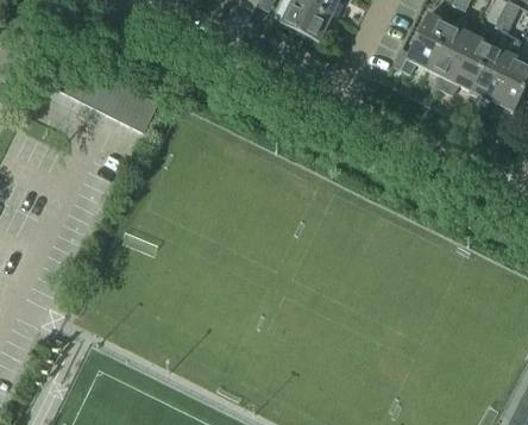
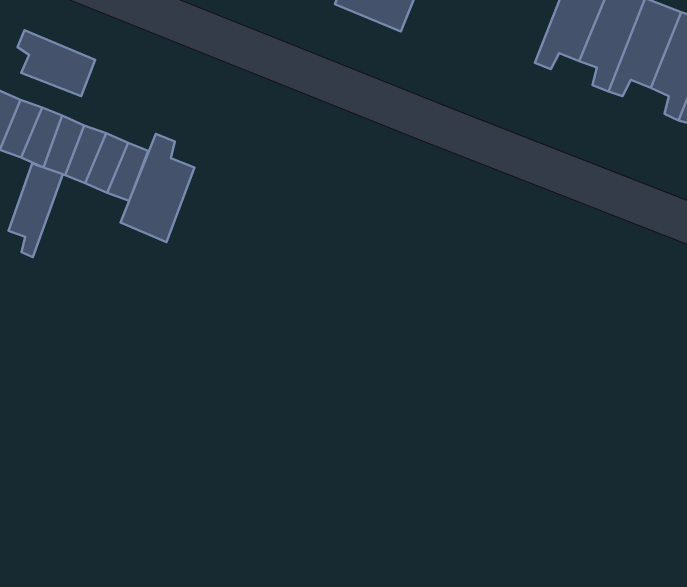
building: none -> [18,30,95,96]
building: none -> [121,134,194,242]
building: none -> [8,164,63,257]

